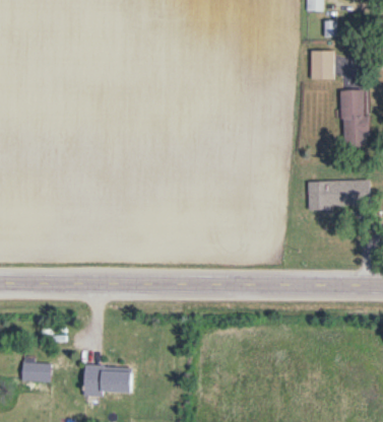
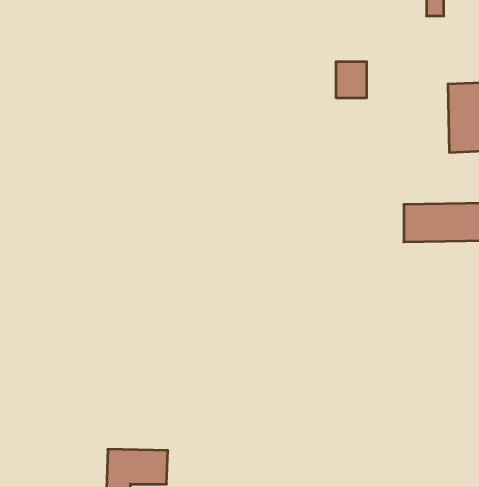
building: [312,51,335,78] -> [336,62,367,98]
building: [19,363,48,383] -> none

